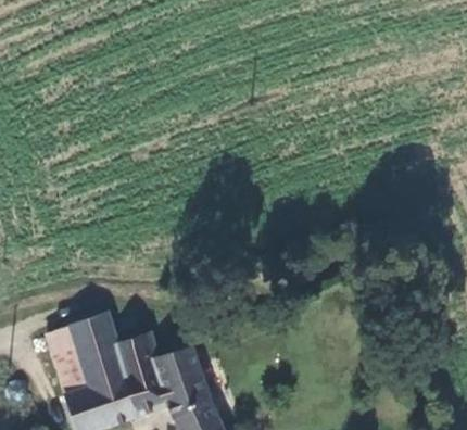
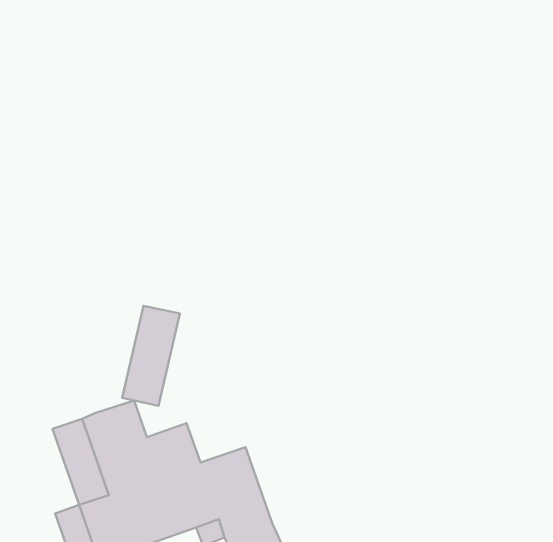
building: none -> [122,306,180,406]

